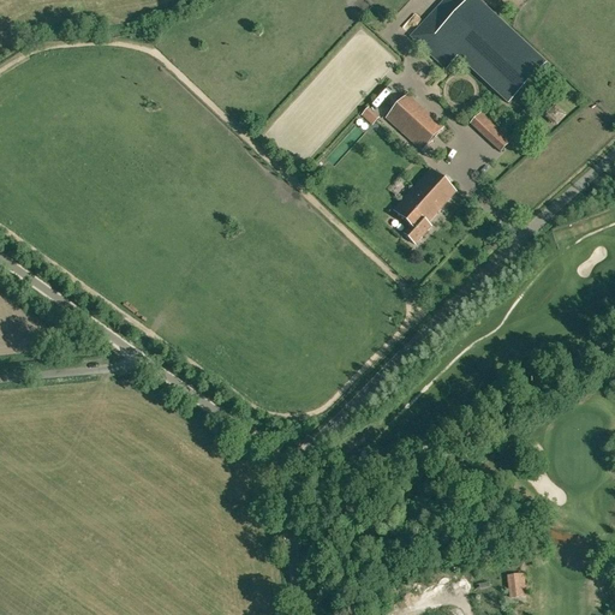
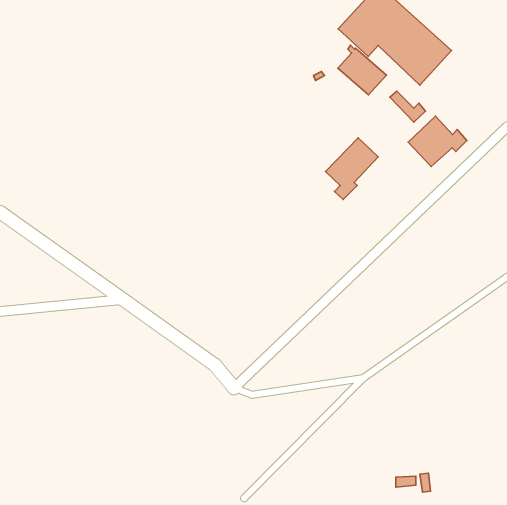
building: [384,90,443,150] -> [338,45,386,95]
building: none -> [408,116,467,167]

